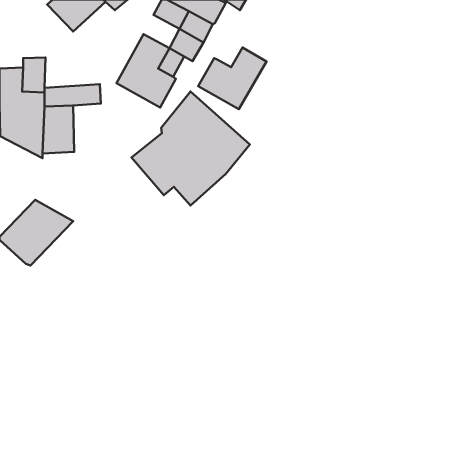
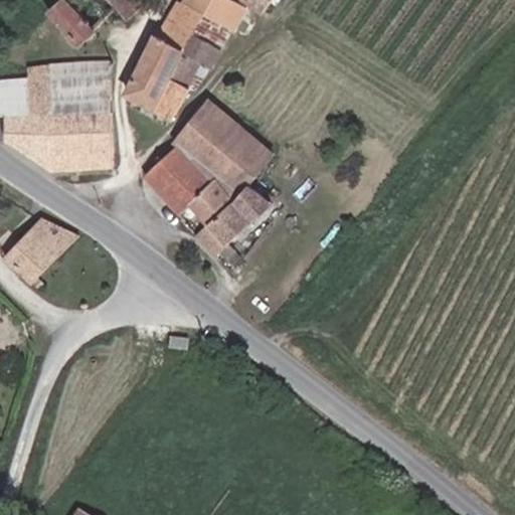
building: none -> [156,16,195,52]
building: [198,48,266,109] -> none
building: none -> [48,57,109,96]
building: none -> [79,113,111,165]
building: none -> [196,189,270,254]

